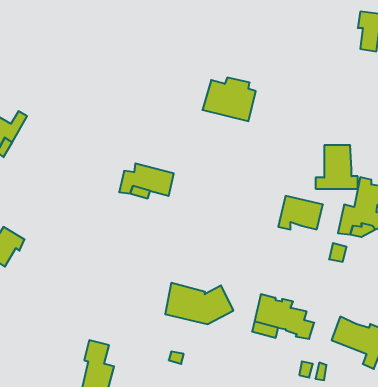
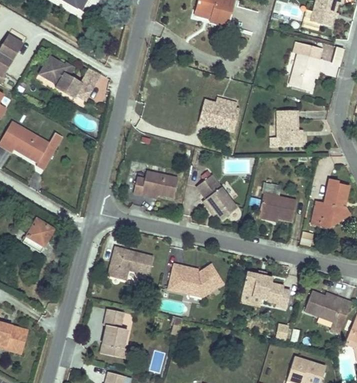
building: none -> [289,42,321,91]
building: none -> [41,56,103,101]
building: [316,145,358,189] -> [270,111,304,146]
building: none -> [196,174,238,219]
building: none -> [108,247,153,278]

